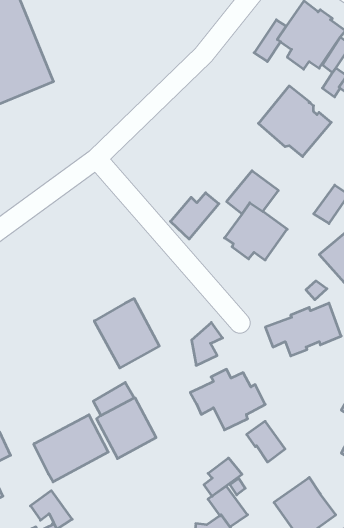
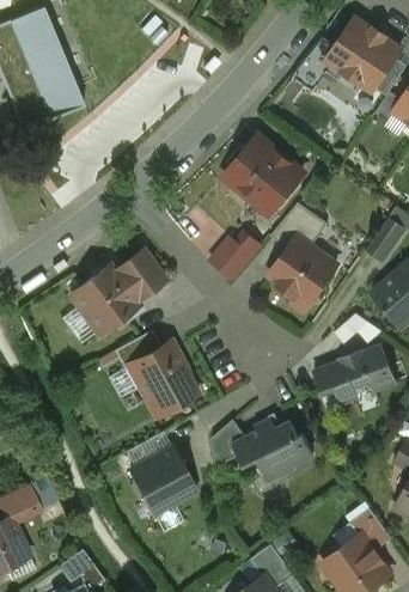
building: [258,86,331,157] -> [224,135,303,212]
building: none -> [69,251,164,334]
building: none -> [114,329,161,368]
building: [192,322,223,365] -> [212,420,245,466]
building: [34,415,108,482] -> none
building: [247,421,285,462] -> [350,508,392,553]
building: [204,458,242,496] -> none

